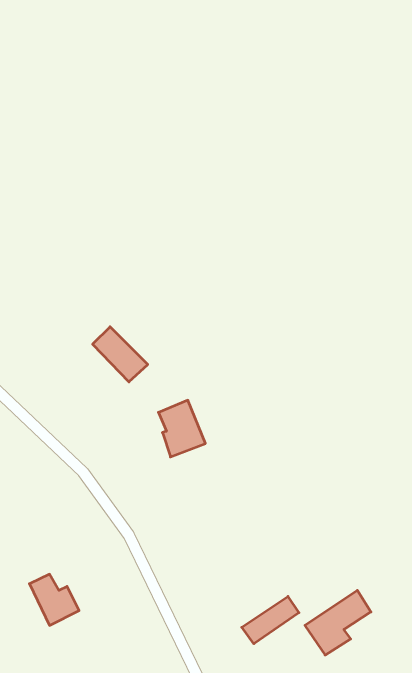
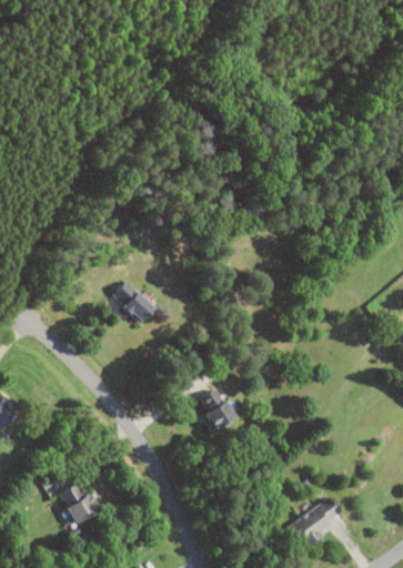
building: [158,400,205,457] -> [199,387,238,434]
building: [242,596,299,644] -> none

